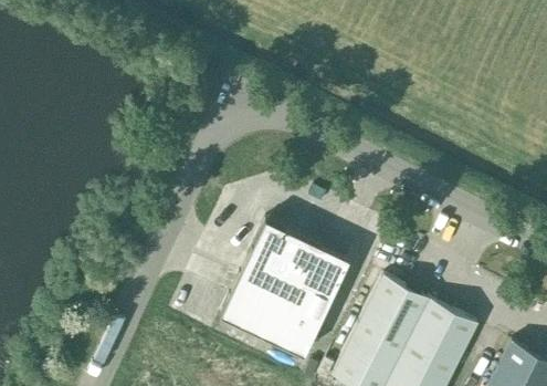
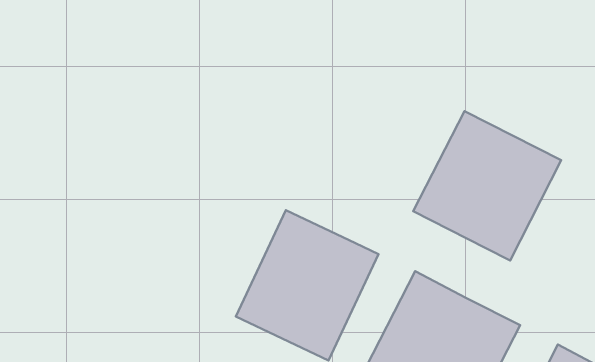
building: none -> [413,111,561,260]

